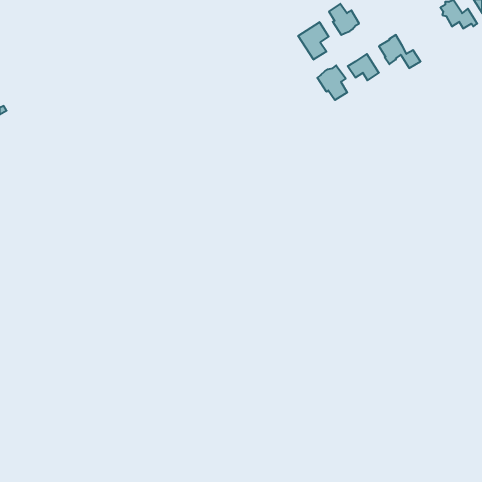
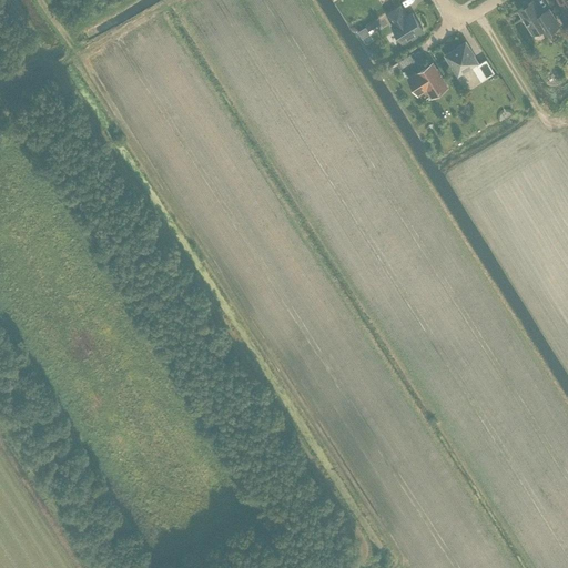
building: [298,22,329,60] -> none
building: [317,65,347,100] -> none

